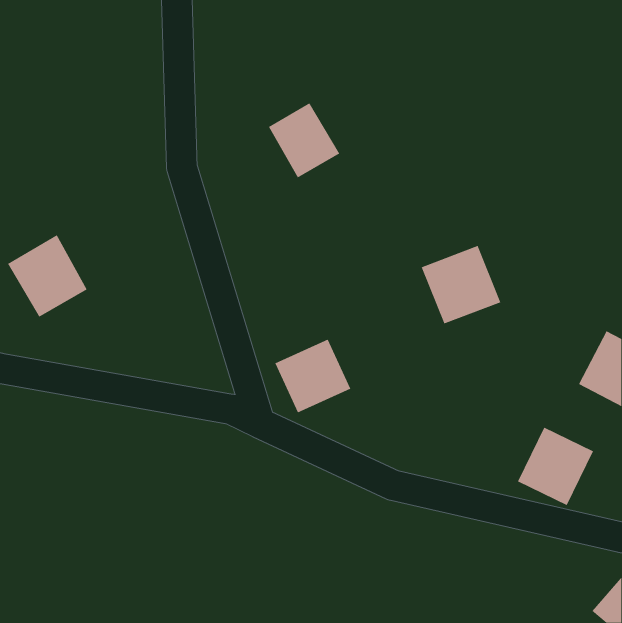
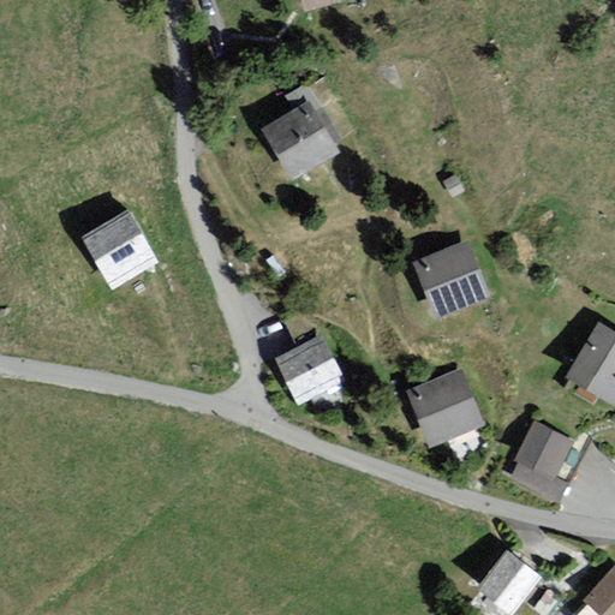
building: [7,235,88,318] -> [79,208,159,289]
building: none -> [404,366,483,447]
building: none -> [479,545,544,609]

